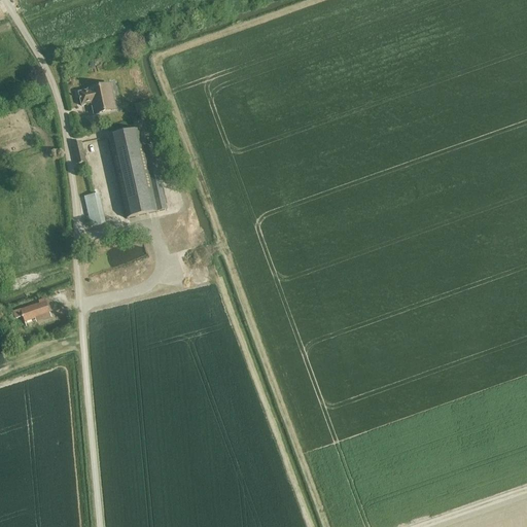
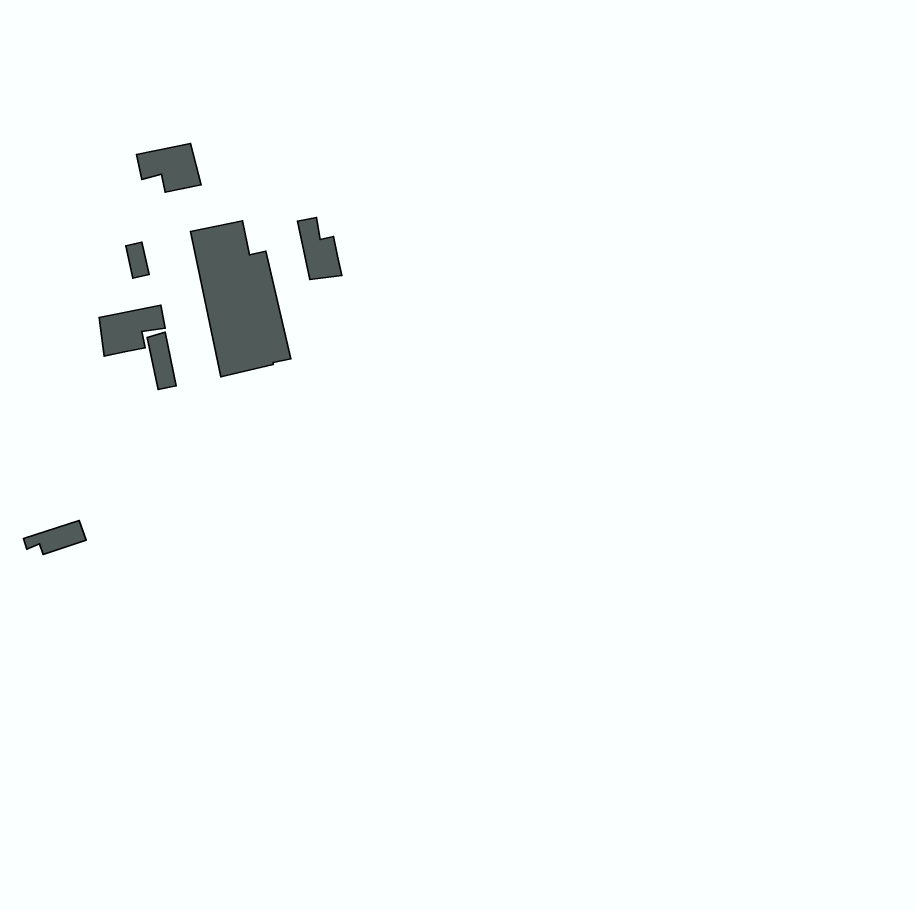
building: none -> [298,218,342,279]
building: none -> [99,305,165,356]

